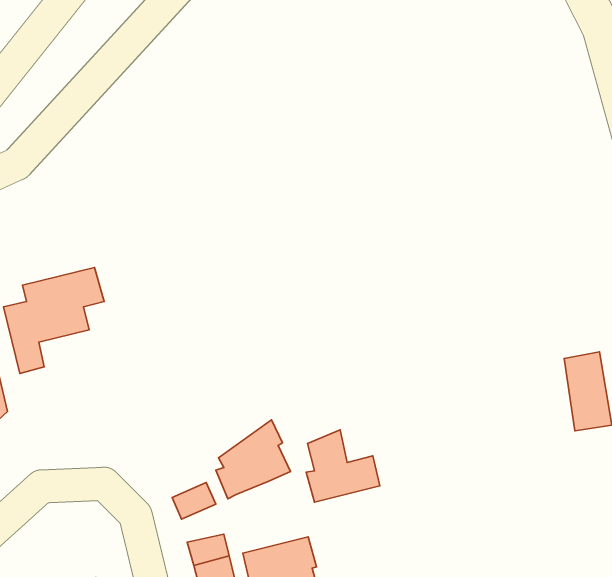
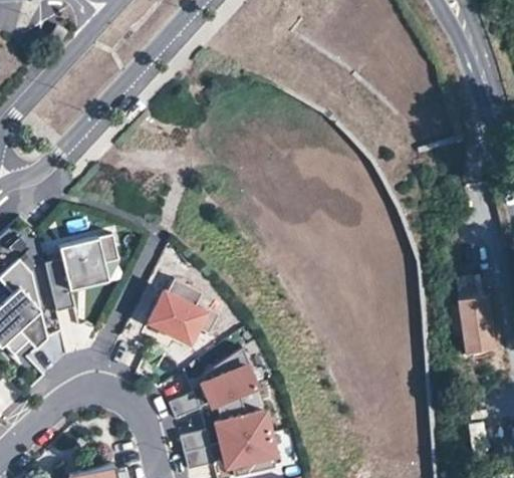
building: none -> [148,277,217,341]
building: [306,430,380,502] -> [214,392,268,445]

